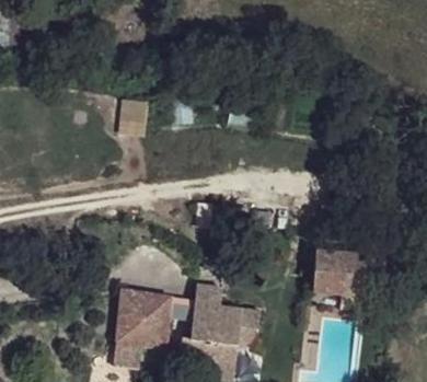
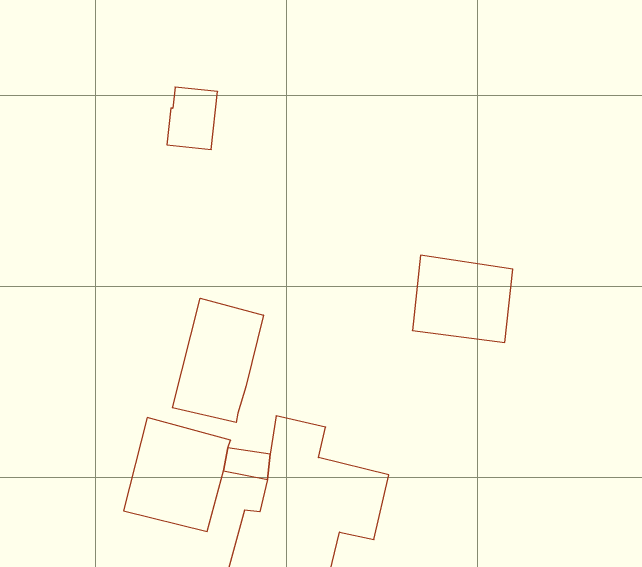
building: none -> [172,298,263,422]
building: [313,251,366,294] -> [412,255,513,342]

